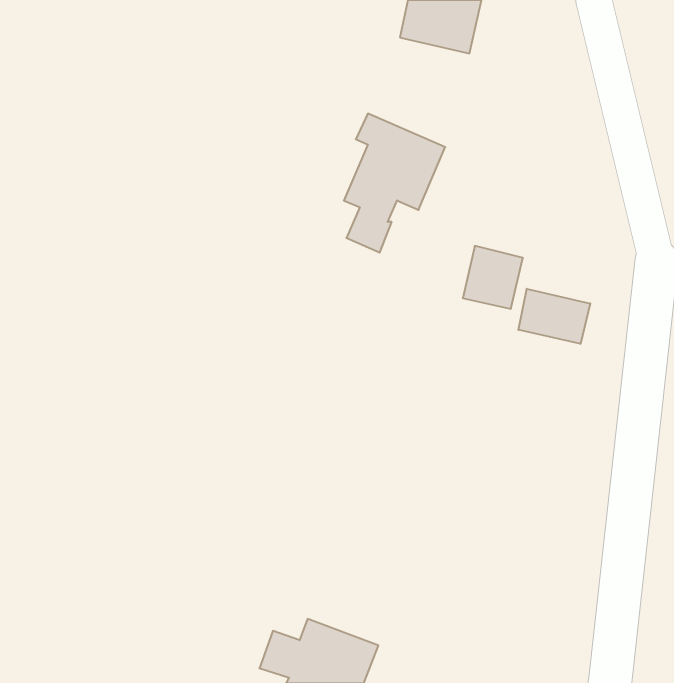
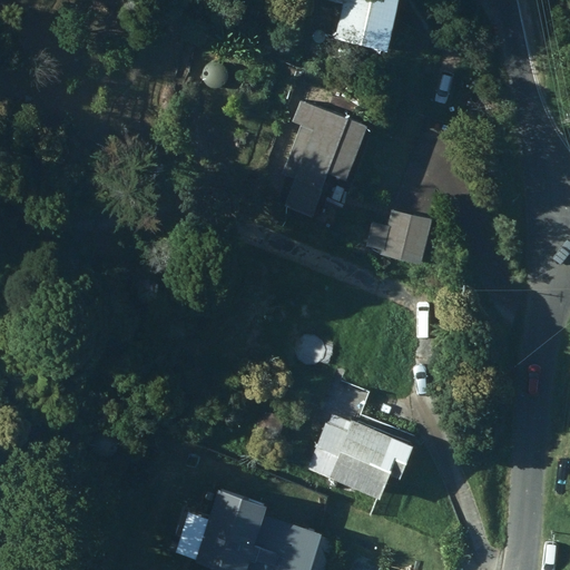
building: [518,289,590,344] -> none
building: none -> [301,416,404,501]

